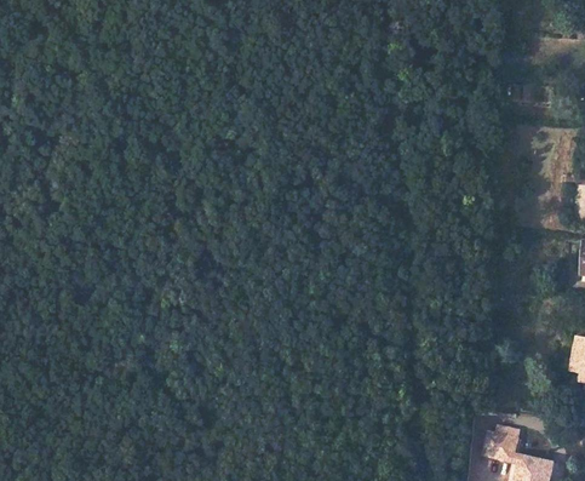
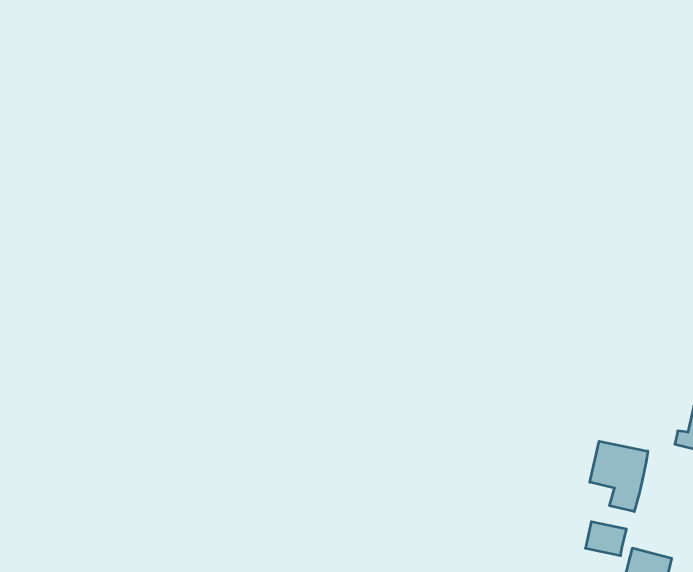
building: none -> [590,441,648,512]

